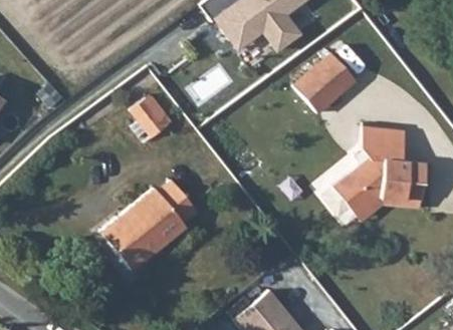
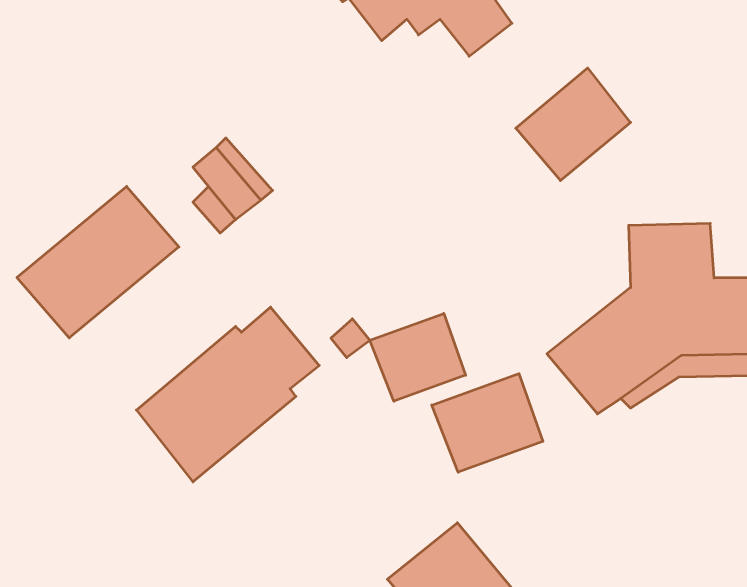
building: none -> [17,186,179,338]
building: none -> [370,313,466,401]
building: none -> [432,374,543,472]

